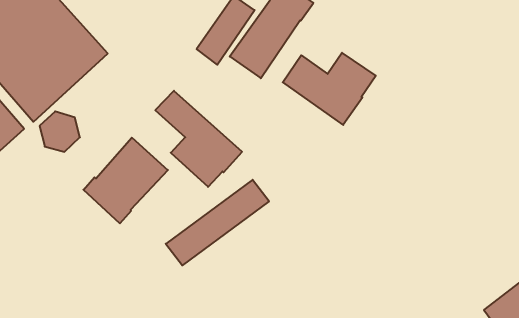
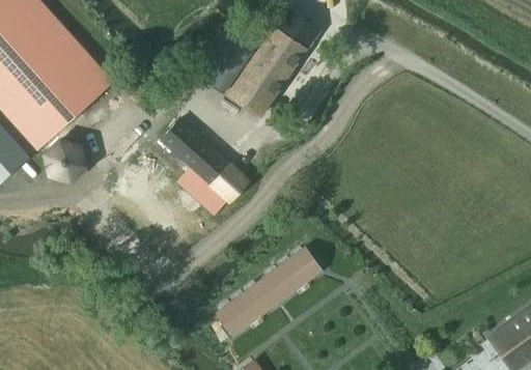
building: [283,53,376,125] -> none
building: [83,138,168,223] -> none
building: [166,180,269,265] -> [217,249,320,335]

